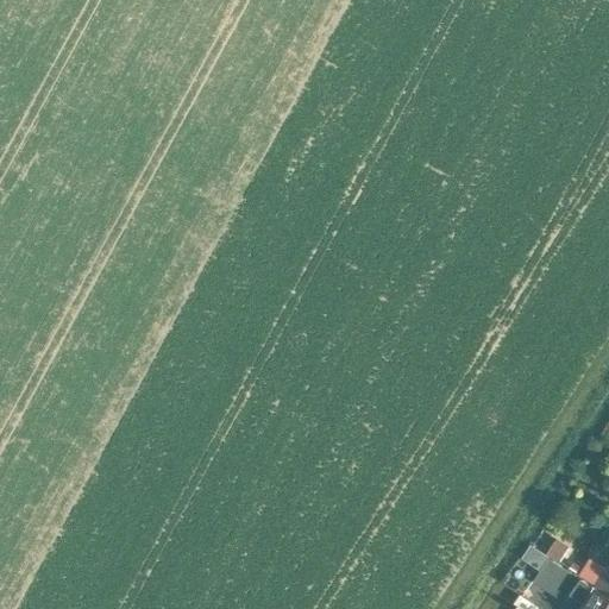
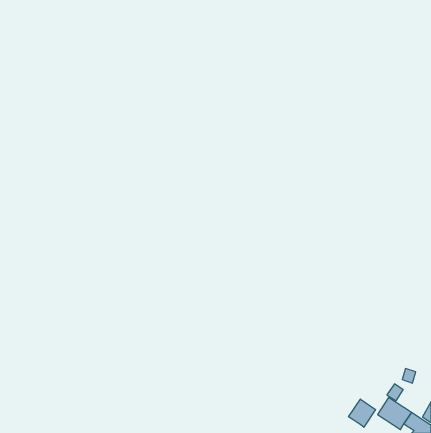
building: none -> [349,399,376,427]

